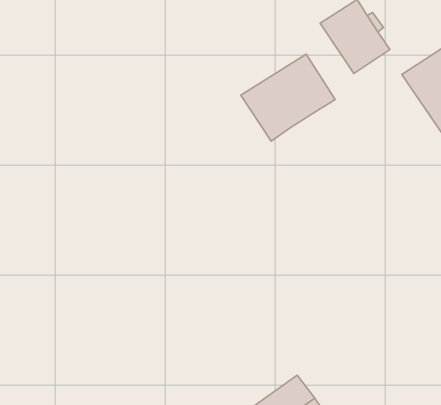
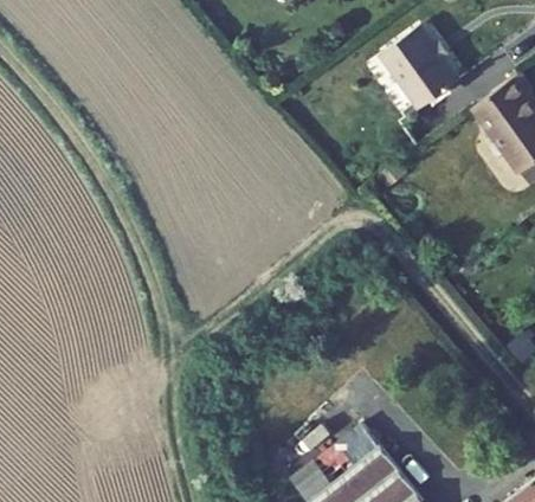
building: [241,54,335,141] -> none

